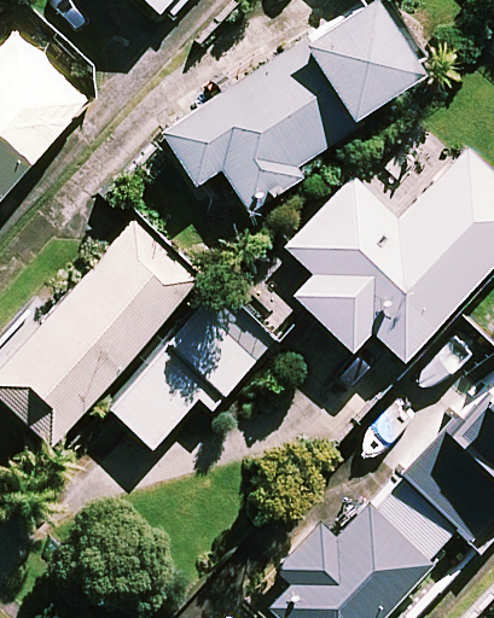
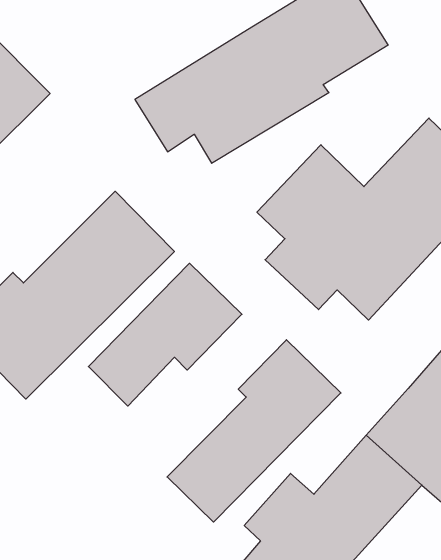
building: none -> [167,340,341,522]

